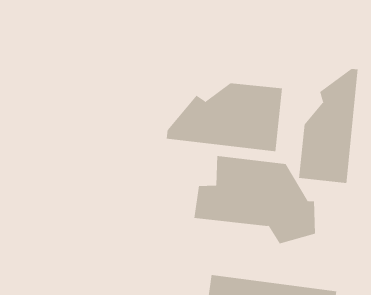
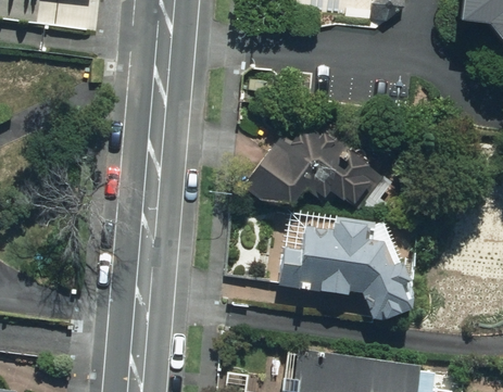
building: [298,68,358,184] -> none

